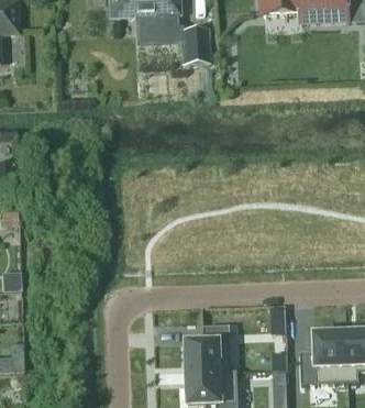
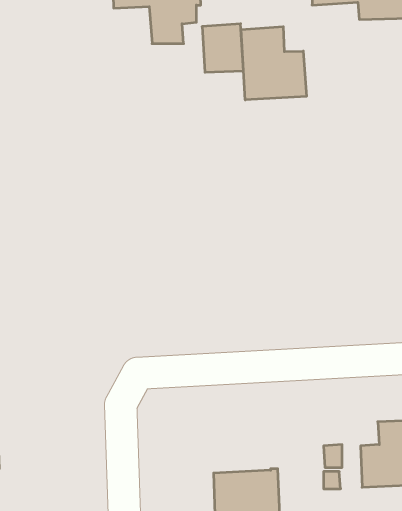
building: none -> [241,27,306,100]
building: [187,326,232,374] -> none

